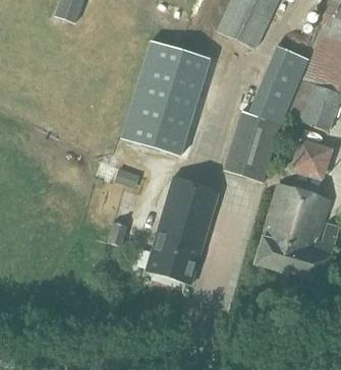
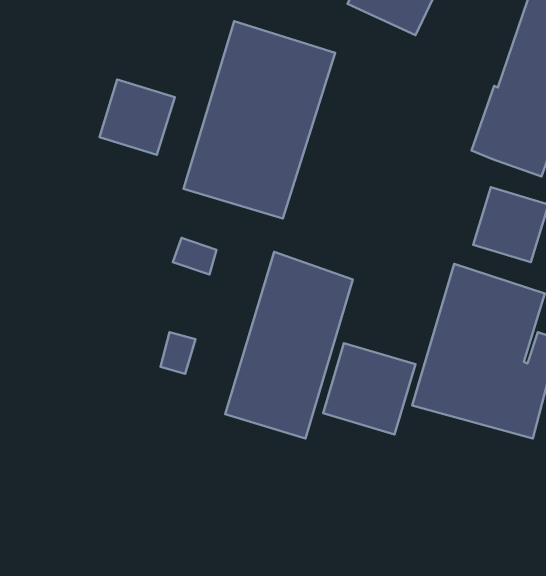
building: [223,45,308,182] -> none
building: none -> [99,79,175,155]
building: none -> [323,343,415,434]

